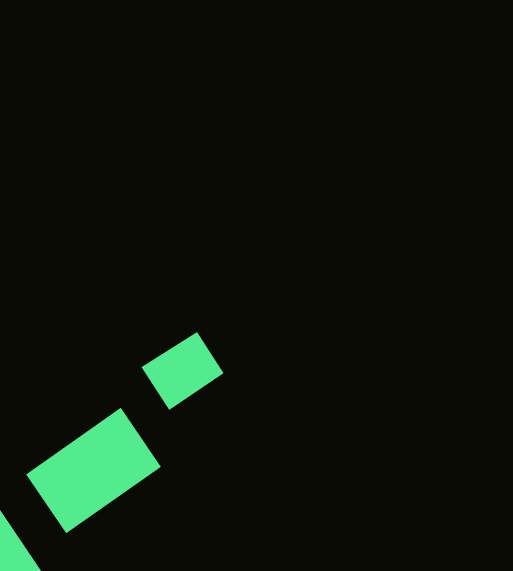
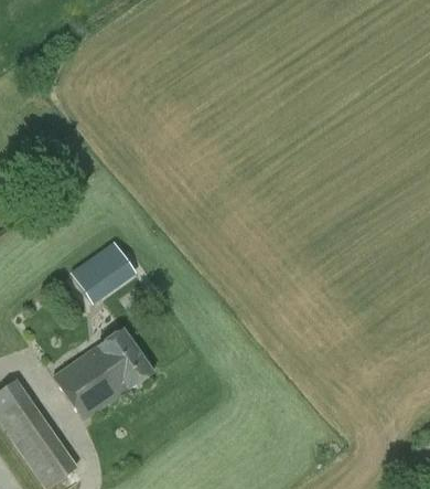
building: [140,331,224,411] -> [78,241,140,299]

